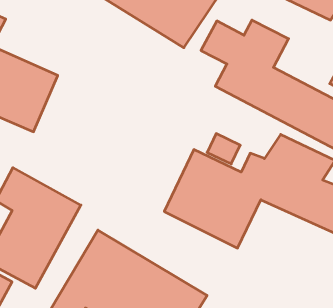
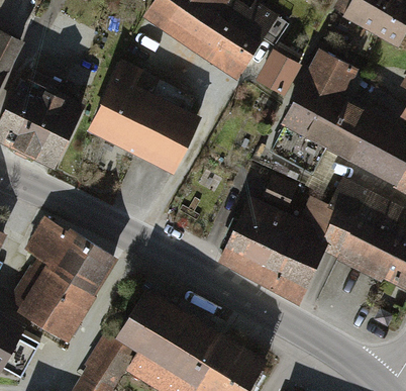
building: none -> [92,59,207,177]

